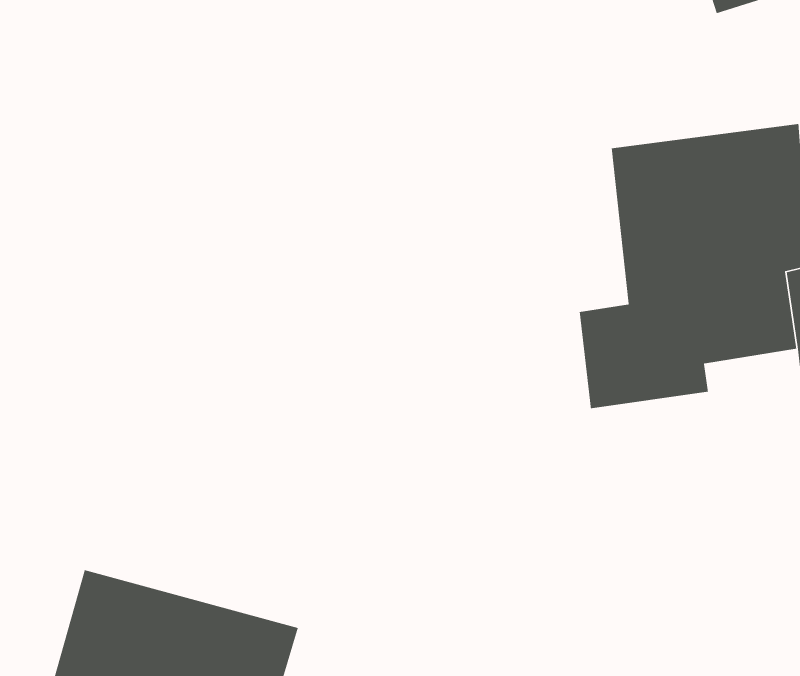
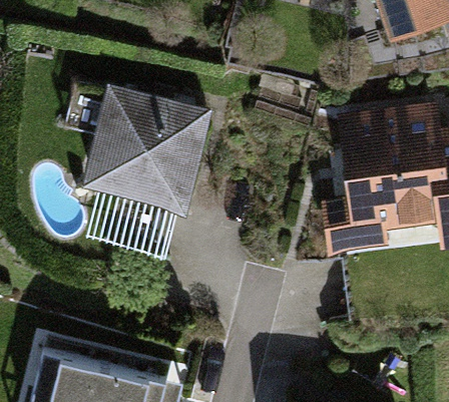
building: none -> [83,81,212,208]

